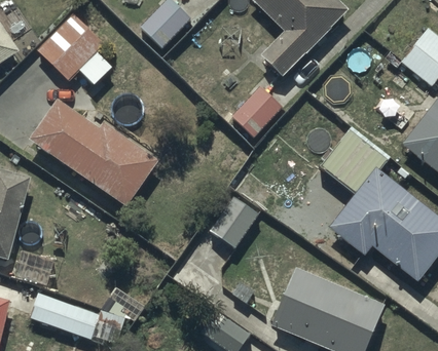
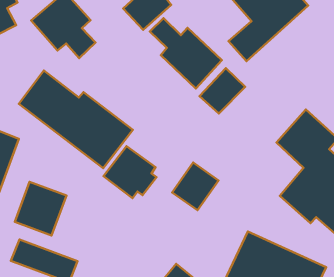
building: none -> [150,18,222,88]
building: none -> [103,146,156,198]
building: none -> [15,182,67,236]

